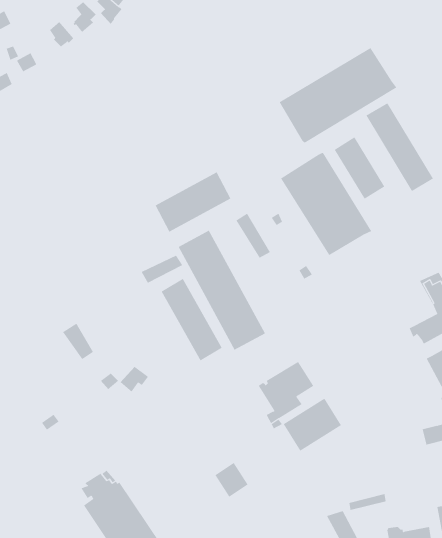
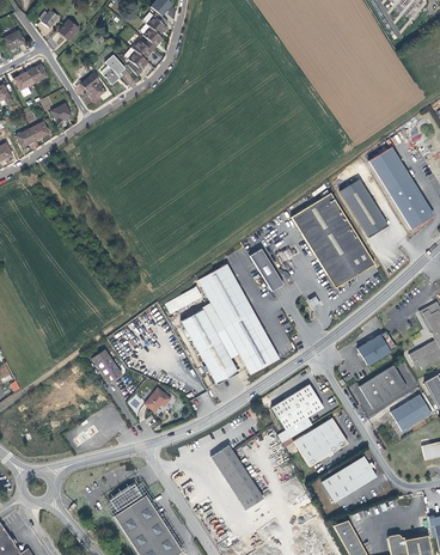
building: [279,47,397,144] -> none
building: [155,172,231,233] -> none
building: none -> [358,331,396,366]
building: none -> [359,365,405,408]
building: none -> [389,394,430,431]
building: none -> [210,443,250,488]
building: none -> [322,456,377,502]

